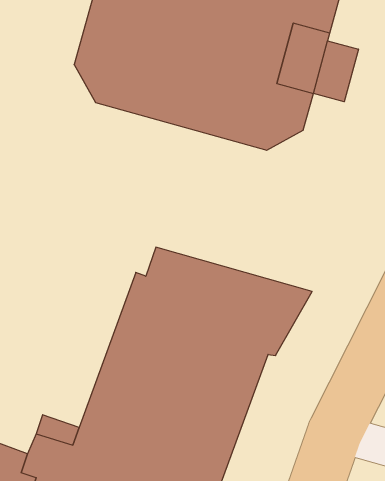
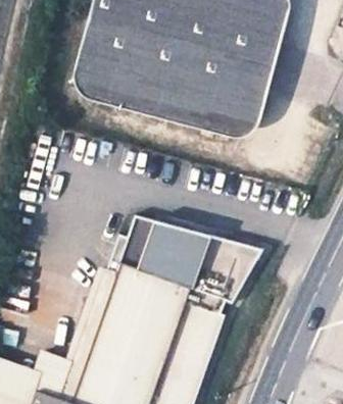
building: [313,41,358,102] -> none

